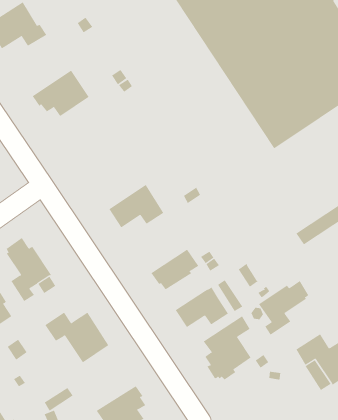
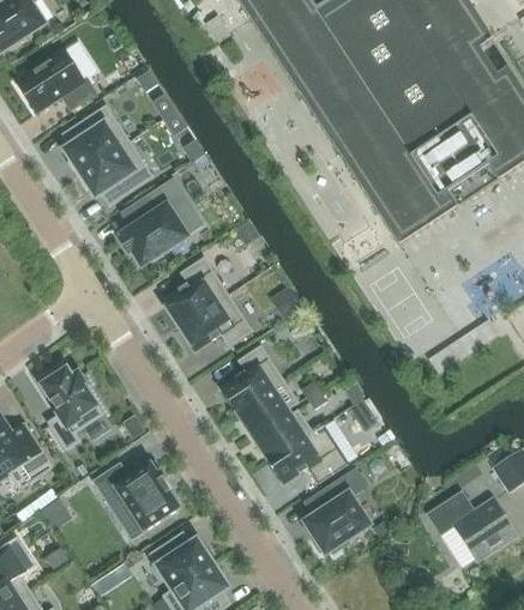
building: none -> [64,102,130,174]
building: none -> [120,176,192,262]
building: none -> [162,254,229,325]
building: none -> [221,343,284,410]
building: none -> [254,407,313,459]
building: [258,280,309,336] -> none
building: none -> [149,532,216,587]

